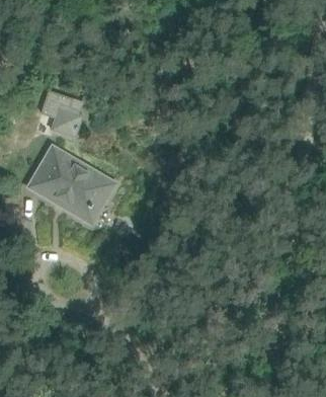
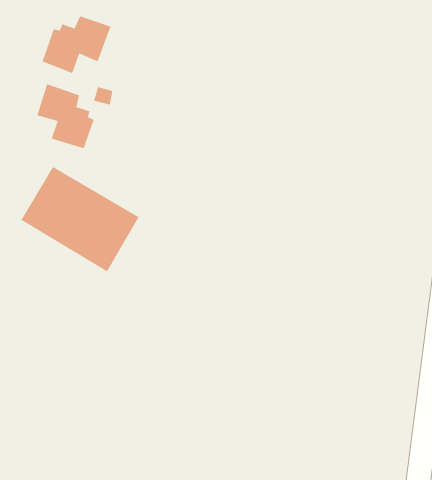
building: none -> [42,15,111,74]

